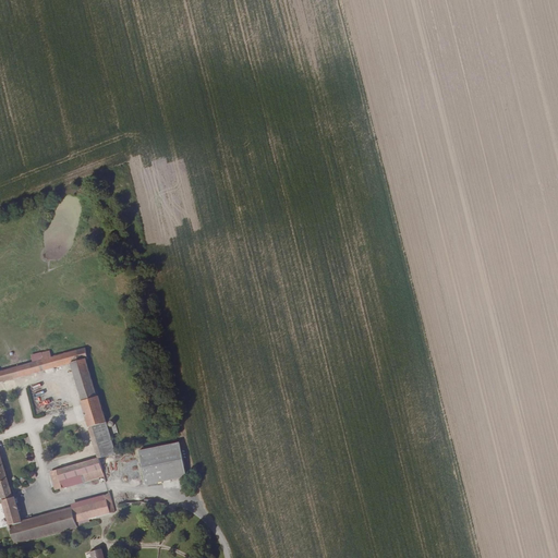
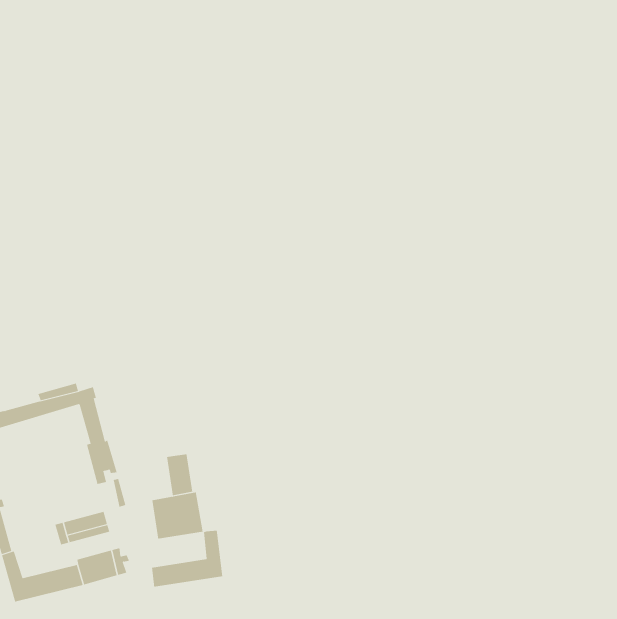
building: none -> [166,454,193,496]
building: none -> [151,530,223,588]

